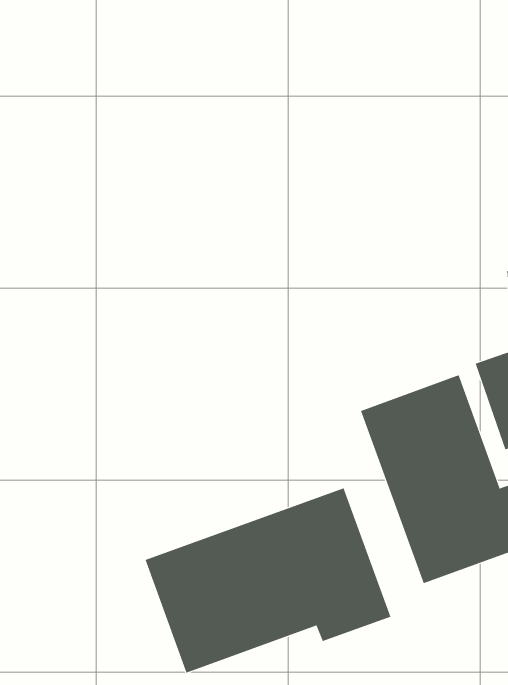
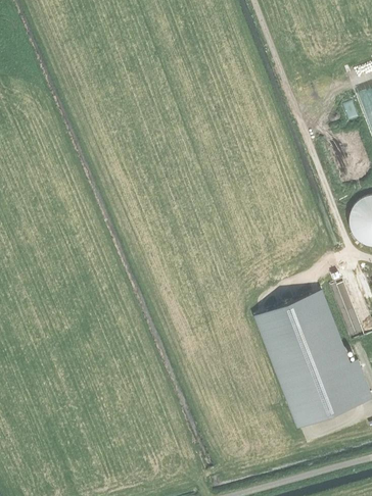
building: [145,487,391,674] -> none

